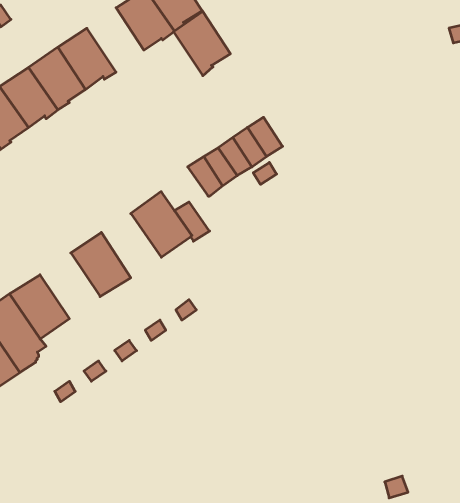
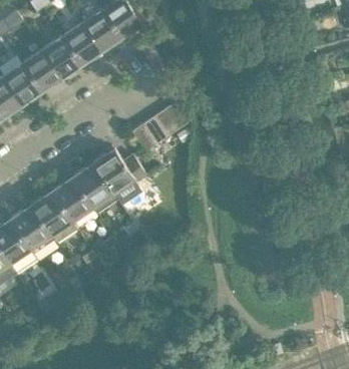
building: [173,11,230,76] -> [62,22,101,66]
building: none -> [72,163,113,208]
building: none -> [30,191,71,236]

